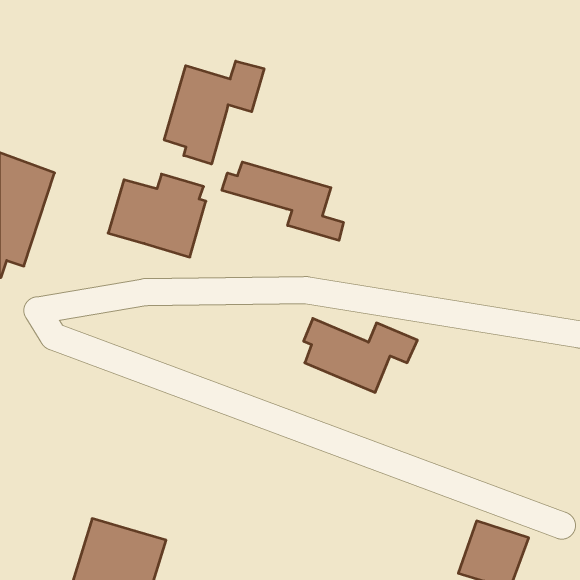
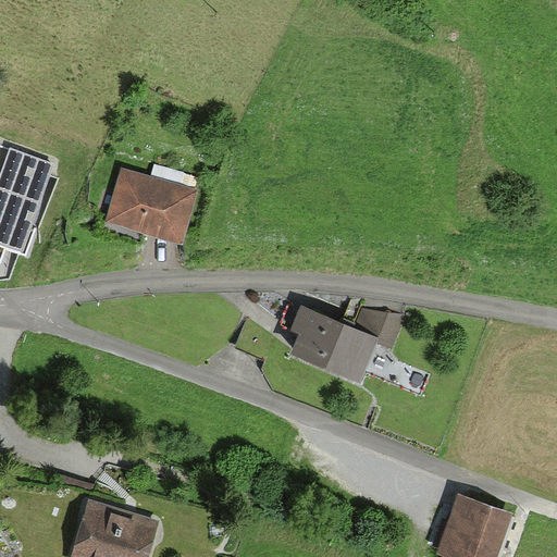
building: [164,61,264,164] -> none
building: [222,162,343,240] -> none

